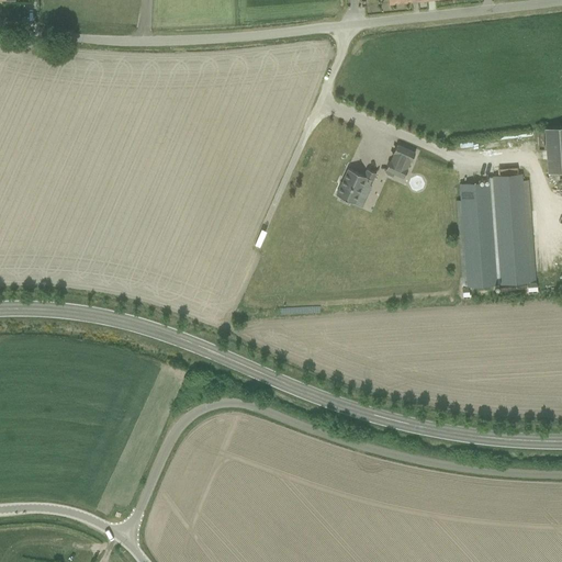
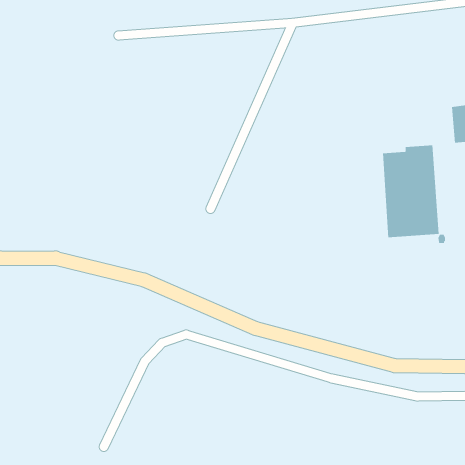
building: [386,146,416,179] -> none
building: [337,170,376,207] -> none

